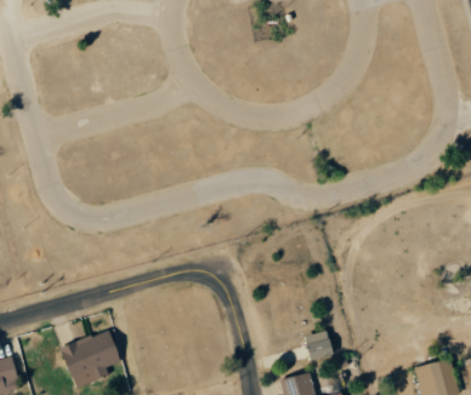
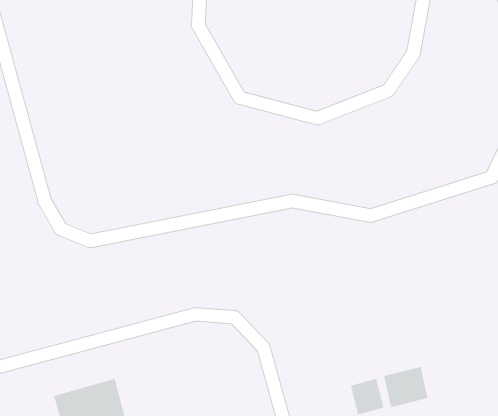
building: none -> [384,366,428,408]

